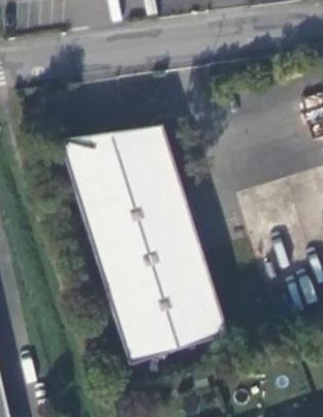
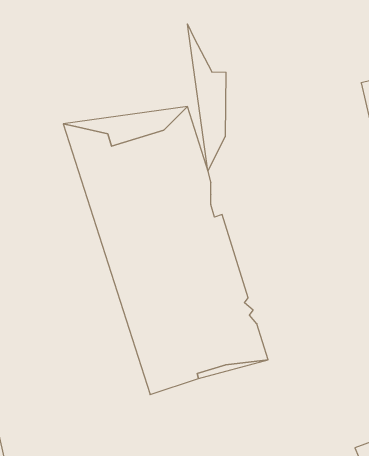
building: none -> [187,24,226,171]

